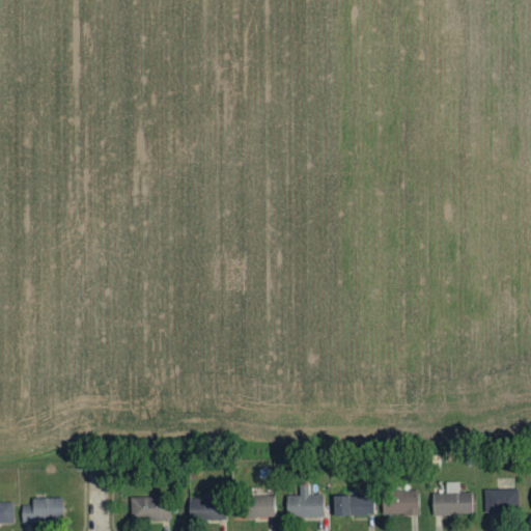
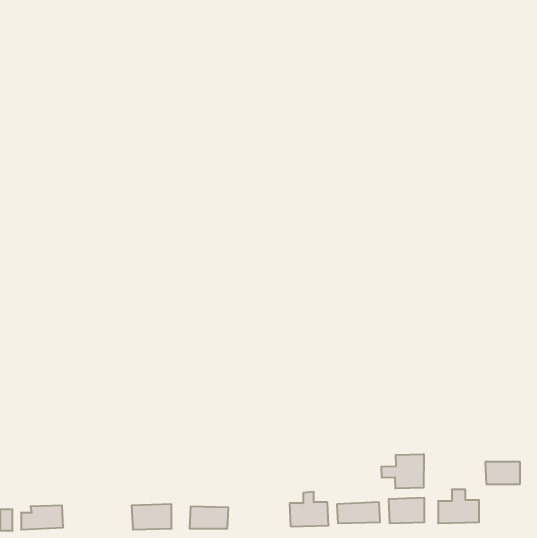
building: none -> [381,454,424,489]
building: [484,490,519,511] -> [485,462,520,484]
building: [237,496,275,519] -> none

